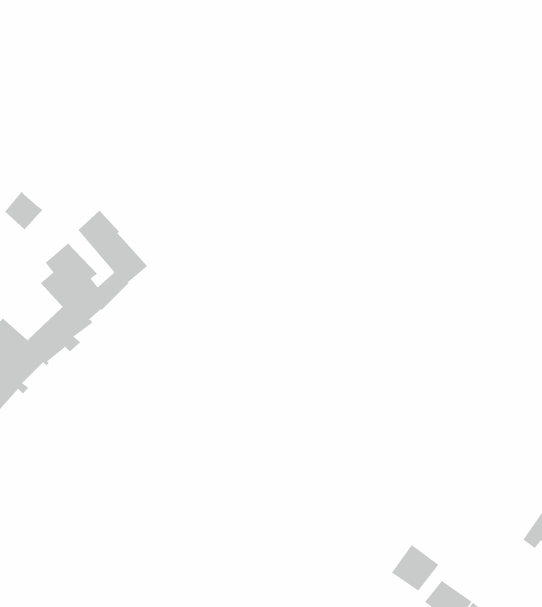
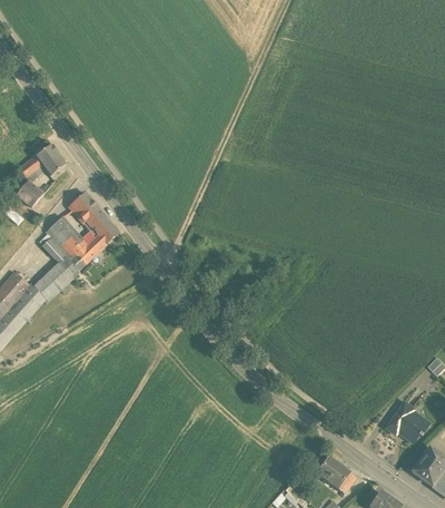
building: none -> [19,145,66,177]
building: [391,544,439,592] -> none

